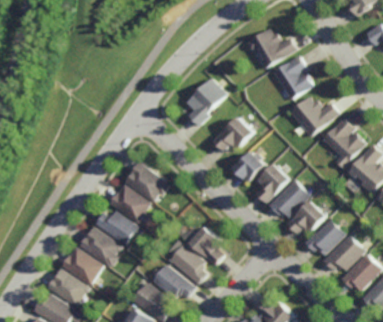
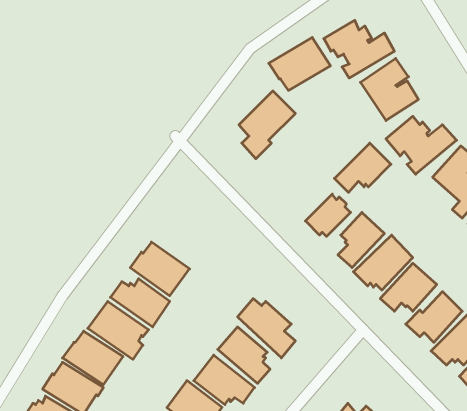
building: none -> [269,37,330,90]
building: [212,115,252,150] -> [334,143,391,192]
building: [123,162,168,202] -> none

